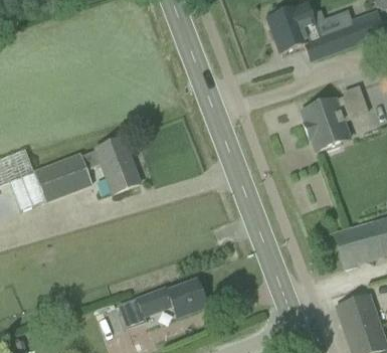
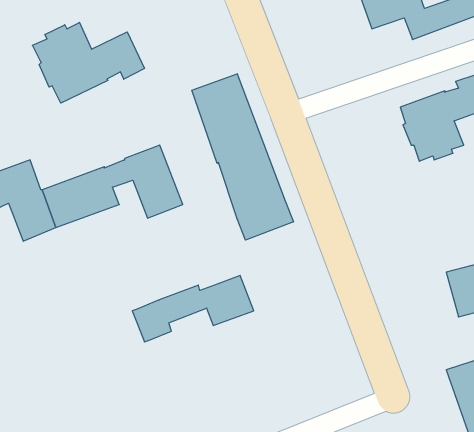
building: none -> [32,22,145,103]
building: none -> [192,74,293,240]
building: [117,280,207,329] -> [132,276,254,342]

